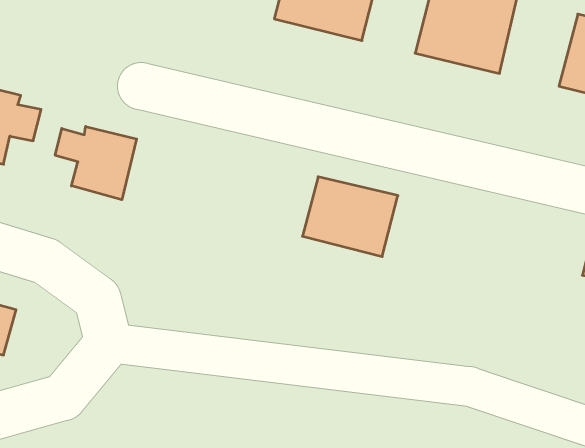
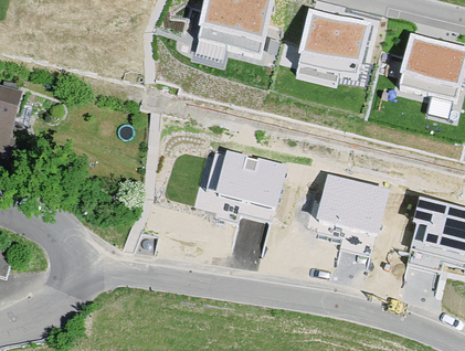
building: [55,126,137,200] -> none
building: none -> [318,177,385,233]

